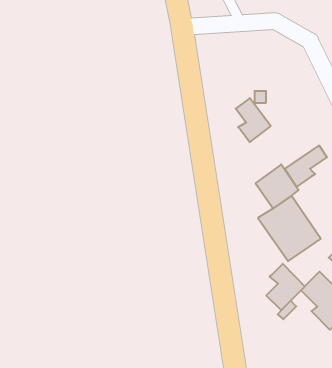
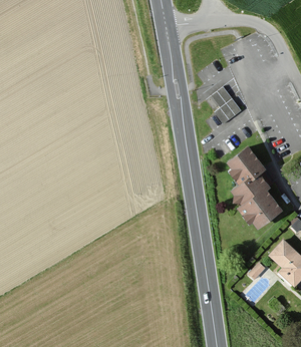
building: [285,145,327,187] -> none
building: [266,264,305,310] -> none

